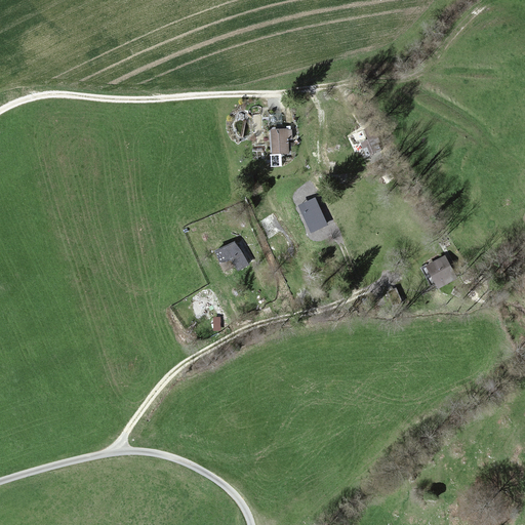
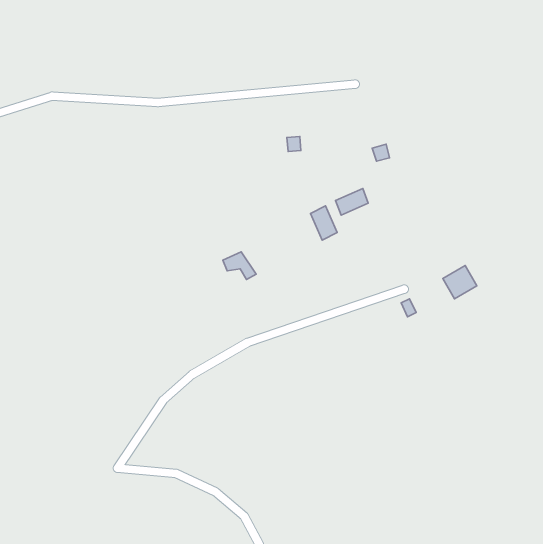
building: none -> [335,189,368,215]

